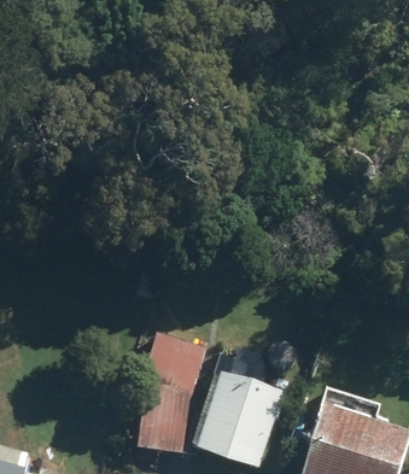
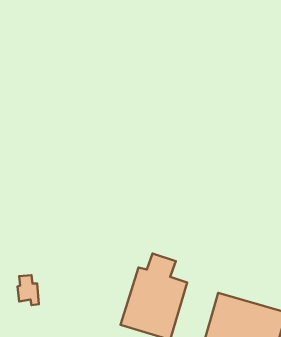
building: [133,337,201,455] -> none

